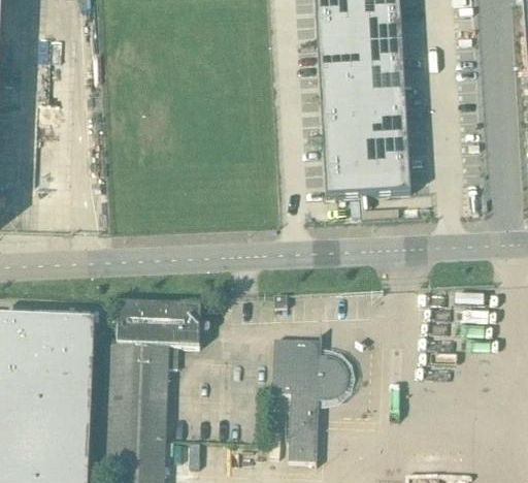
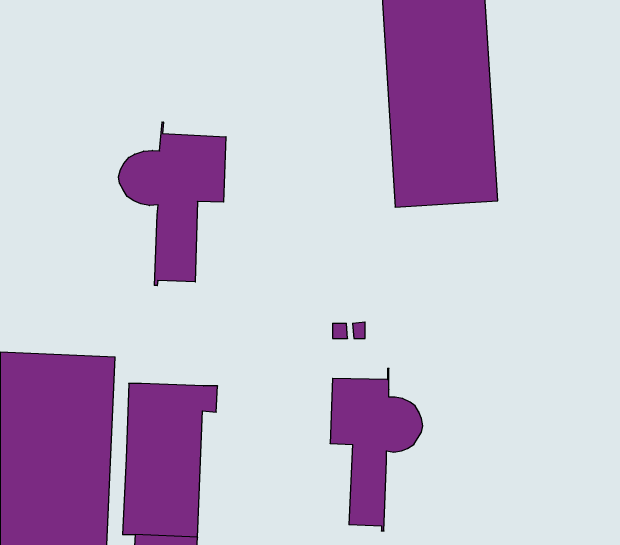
building: none -> [118,122,226,286]
building: [117,300,209,345] -> none

